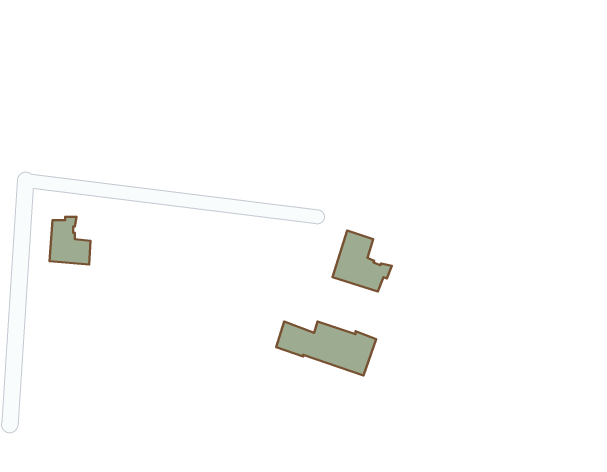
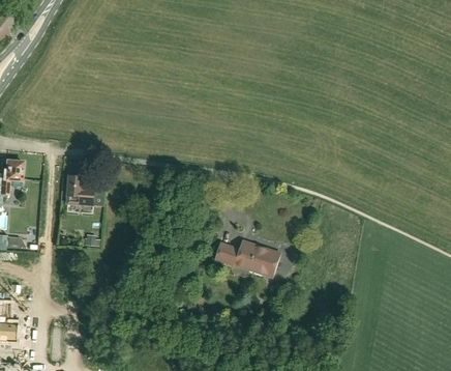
building: [333,231,392,292] -> none

